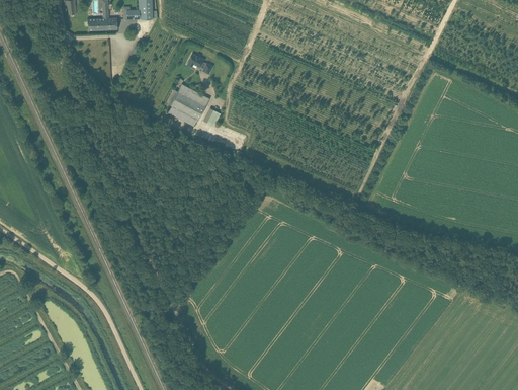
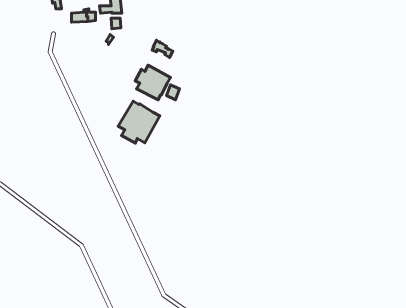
building: none -> [118,101,160,143]

